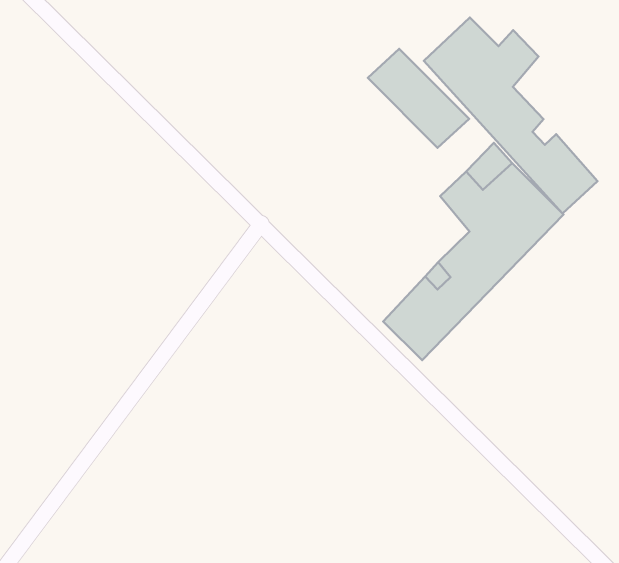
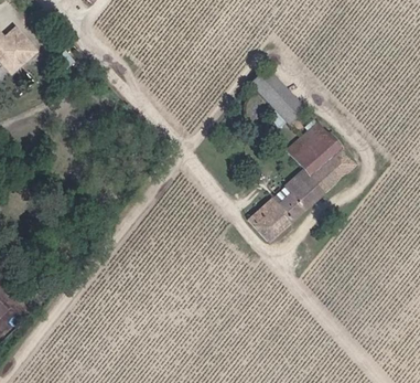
building: [424,17,597,214] -> none

